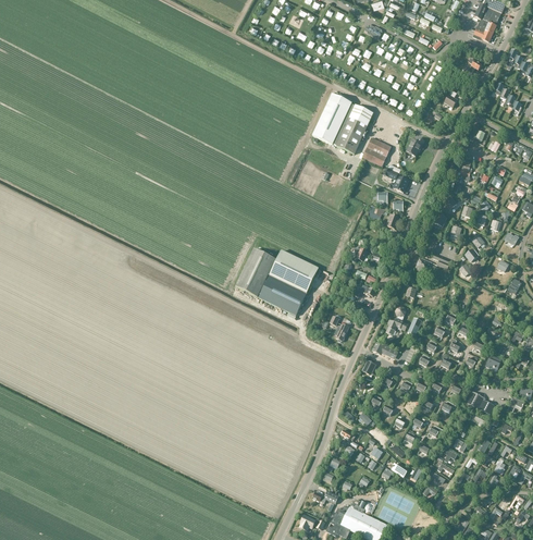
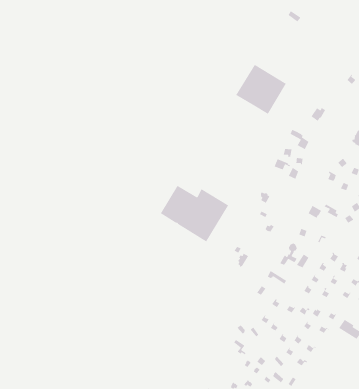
building: [362,137,392,167] -> none

